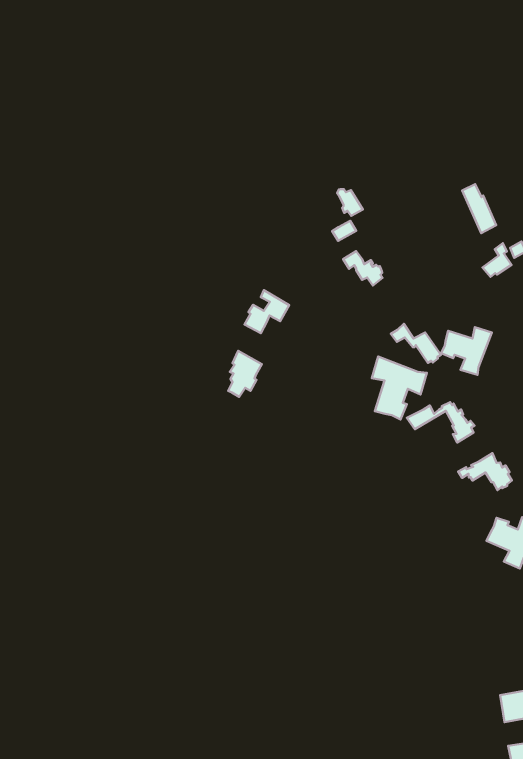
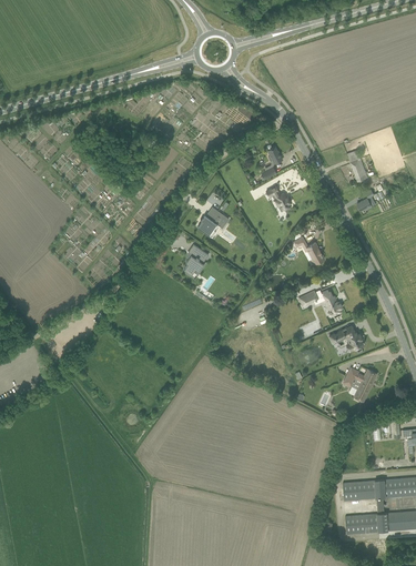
building: [441,327,492,375] -> none
building: [372,357,427,419] -> none

